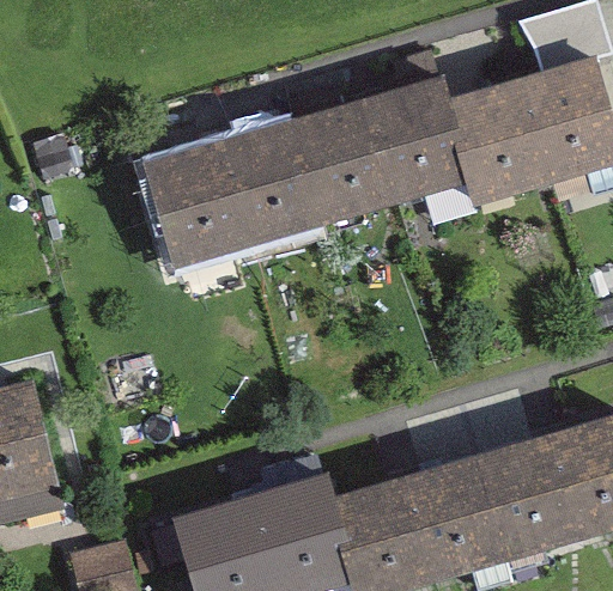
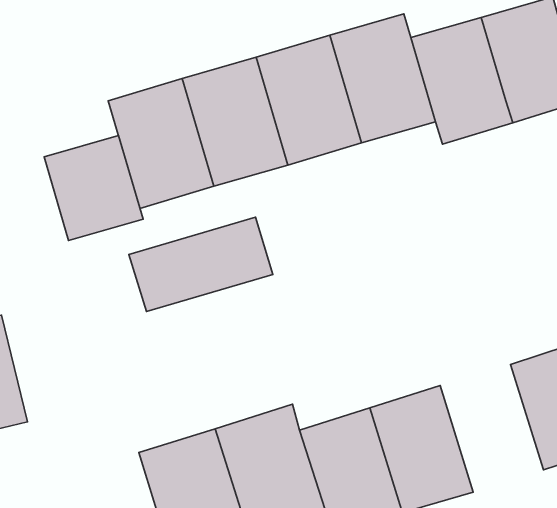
building: none -> [44,136,143,241]
building: none -> [129,217,273,312]
building: [480,432,585,562] -> none

